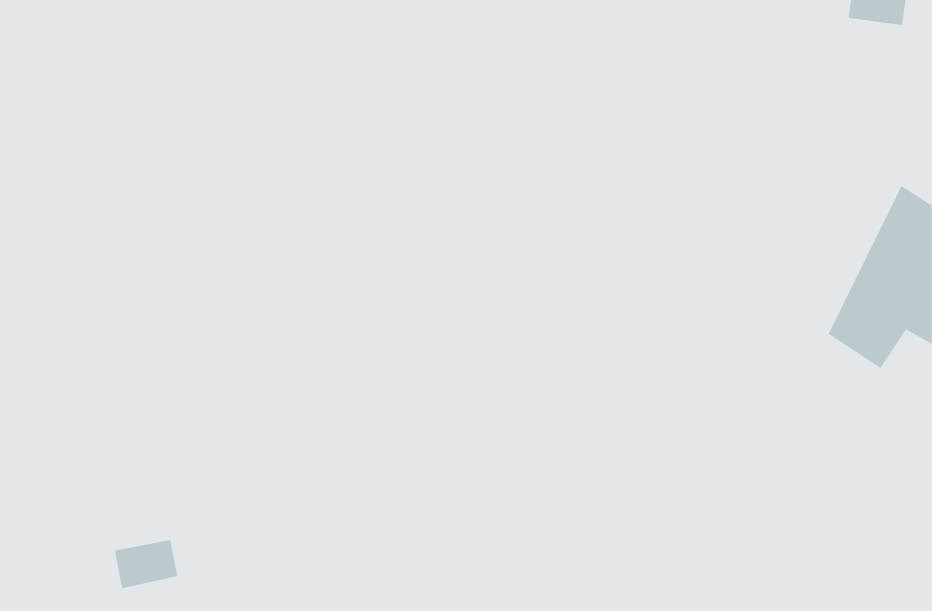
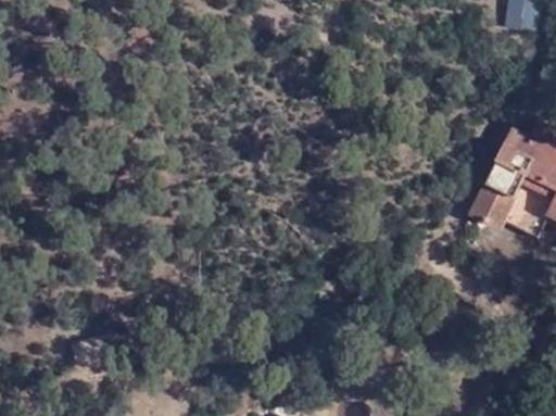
building: none -> [462,124,536,220]

